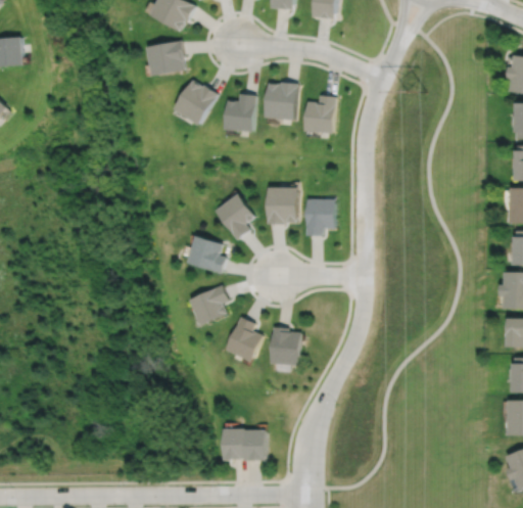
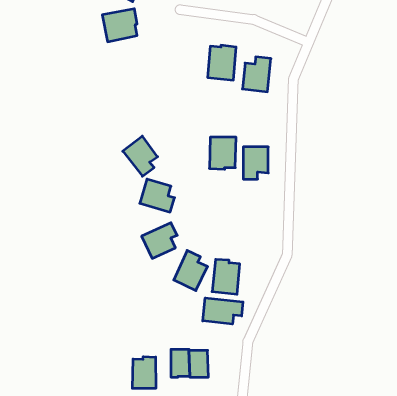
building: [173,81,219,127] -> none
building: [224,94,256,134] -> none
building: [215,193,254,239] -> [123,136,158,176]
building: none -> [203,298,243,324]
building: none -> [132,357,156,388]

